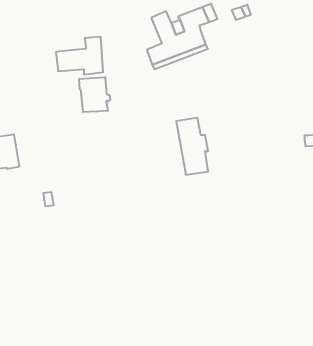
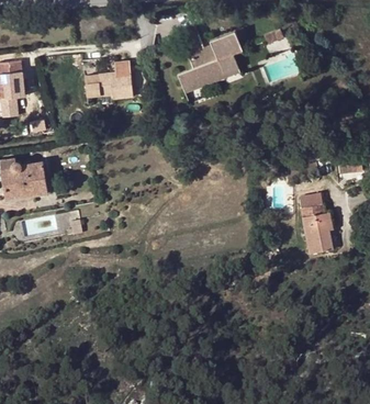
building: [79,77,110,112] -> none
building: [176,118,208,175] -> [300,195,333,254]

